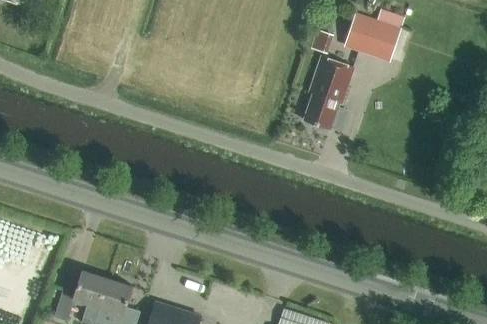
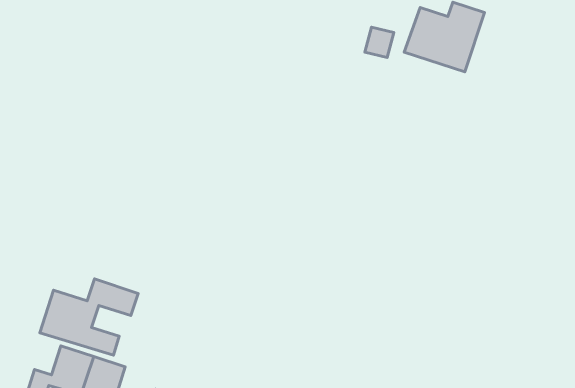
building: [303,57,353,132] -> none
building: none -> [40,279,138,355]

